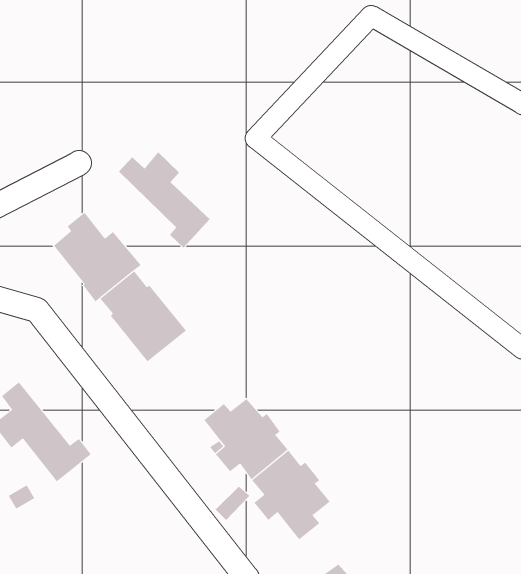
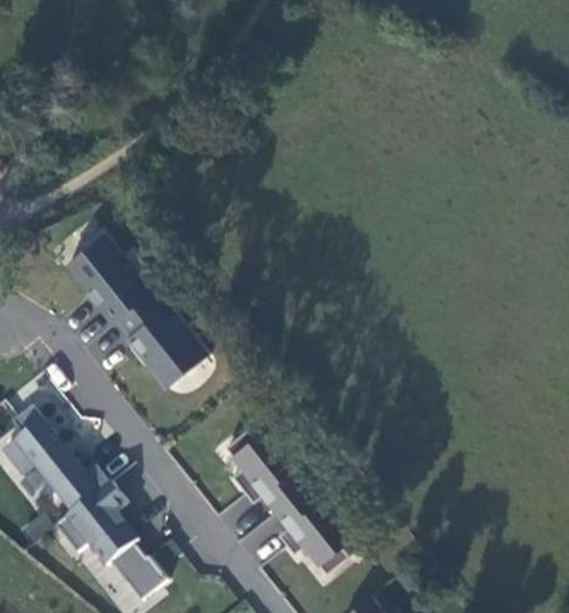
building: [118,152,210,249] -> none
building: none -> [53,484,165,603]

